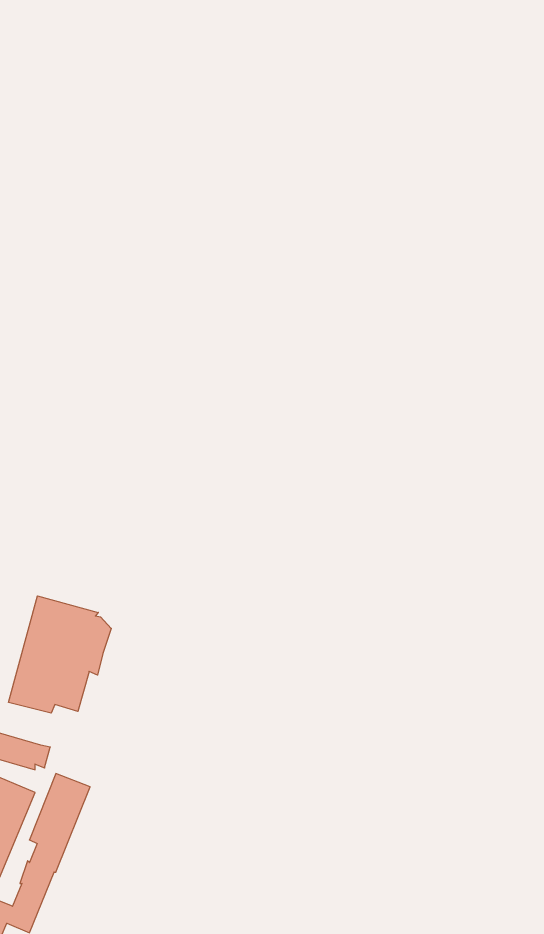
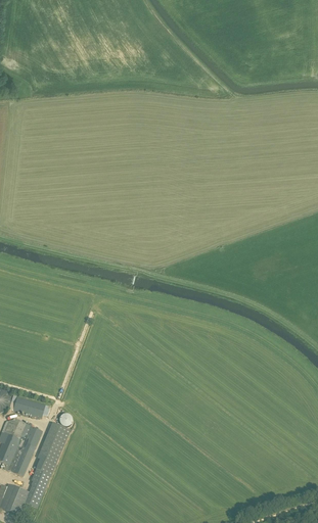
building: [9,596,111,713] -> none

